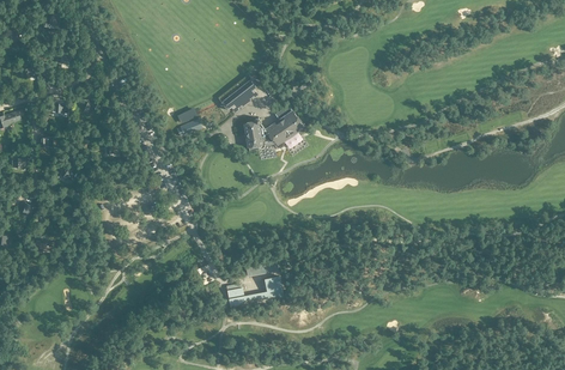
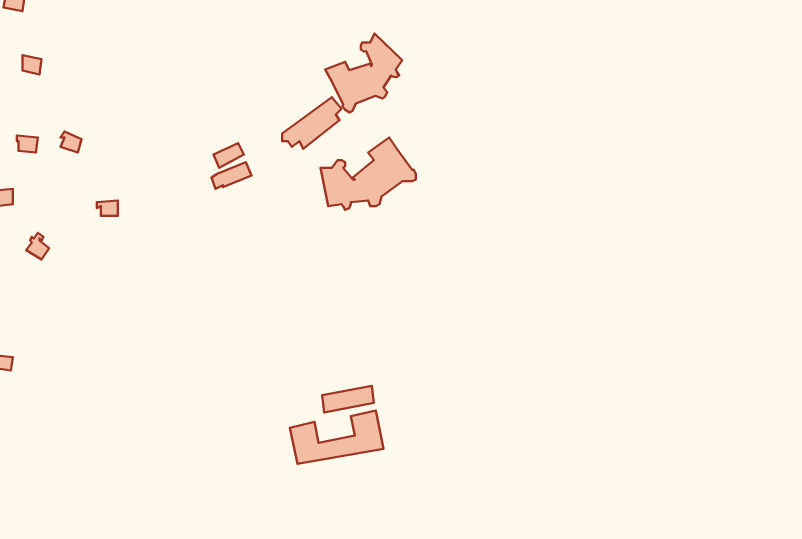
building: none -> [325,34,402,113]

